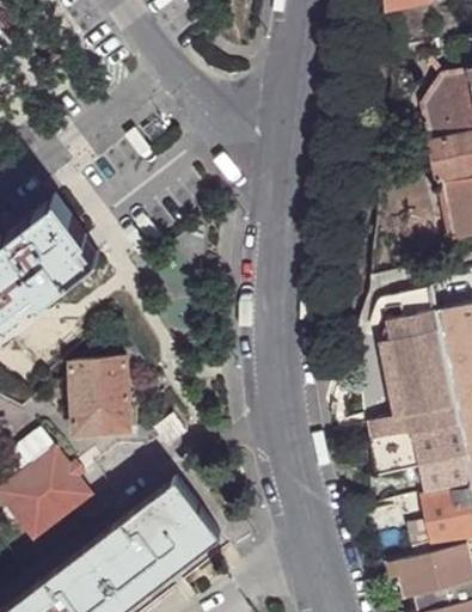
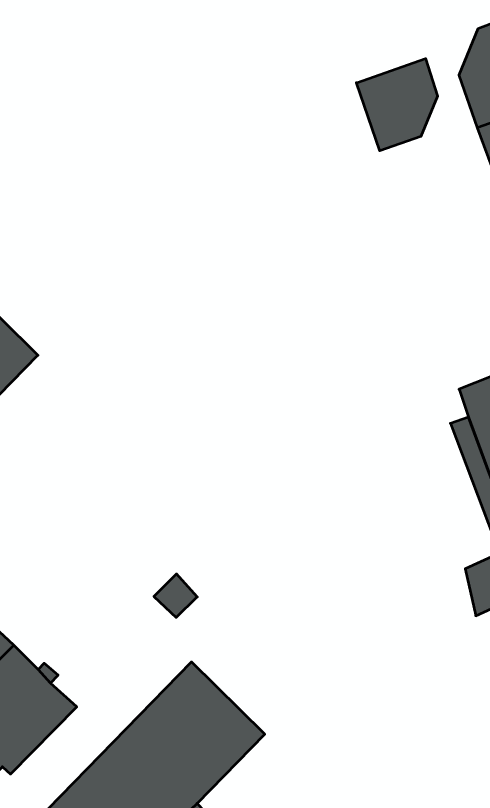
building: none -> [356,59,438,151]
building: [74,360,130,436] -> none

